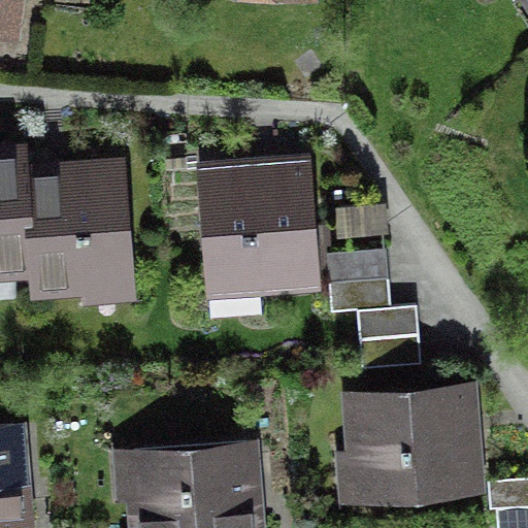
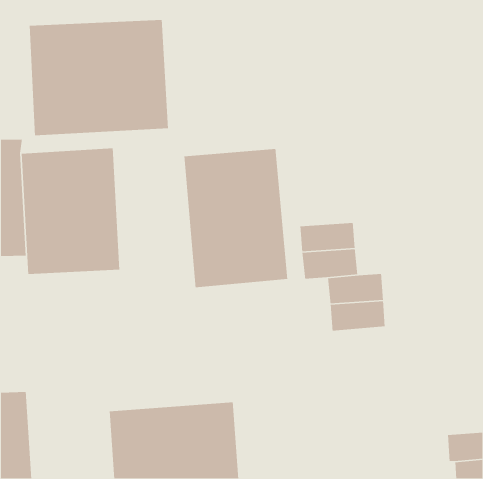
building: none -> [29,19,169,136]
building: [336,391,472,513] -> none

